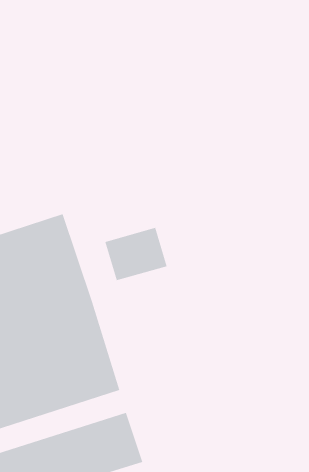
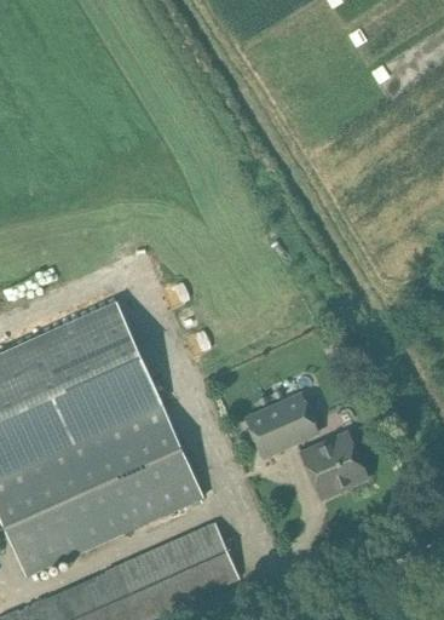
building: [105,227,167,281] -> [244,394,319,460]
building: none -> [300,434,368,500]

